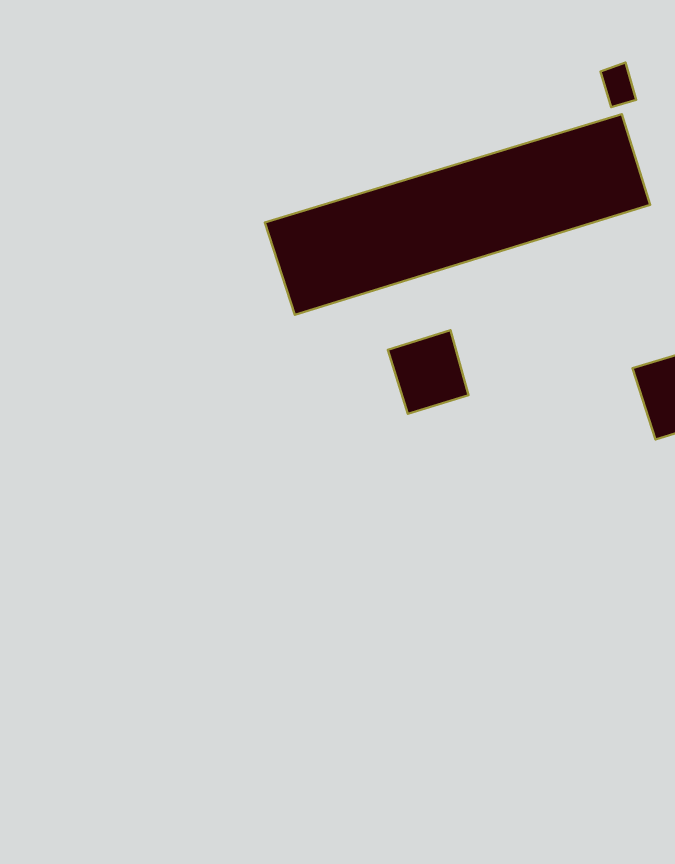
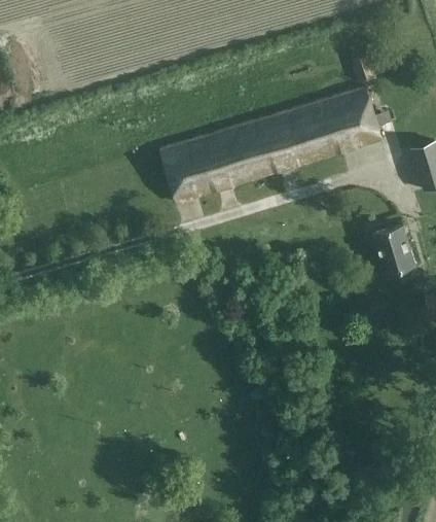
building: [388,330,469,414] -> none

